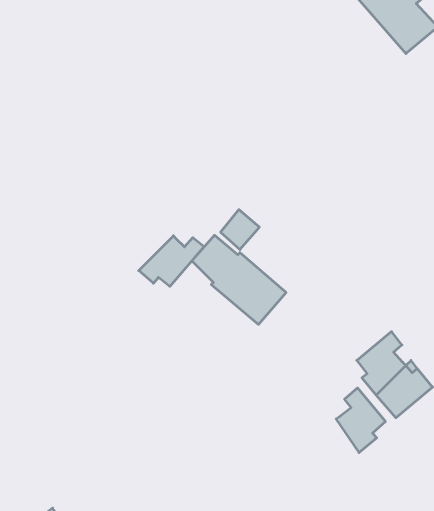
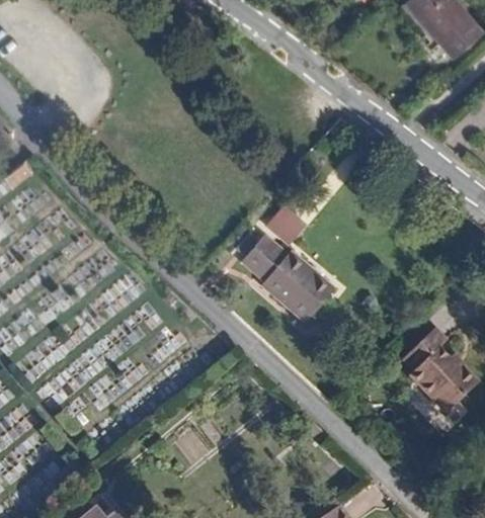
building: [139,236,204,286] -> none
building: [336,388,385,453] -> none

